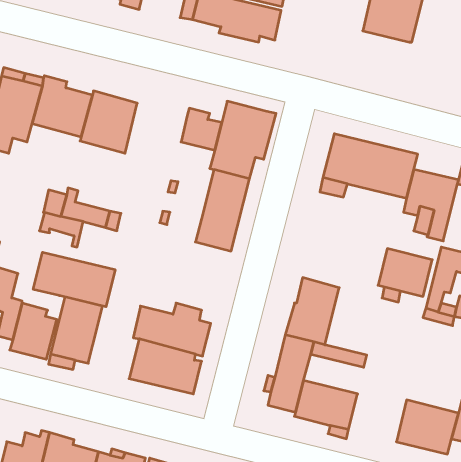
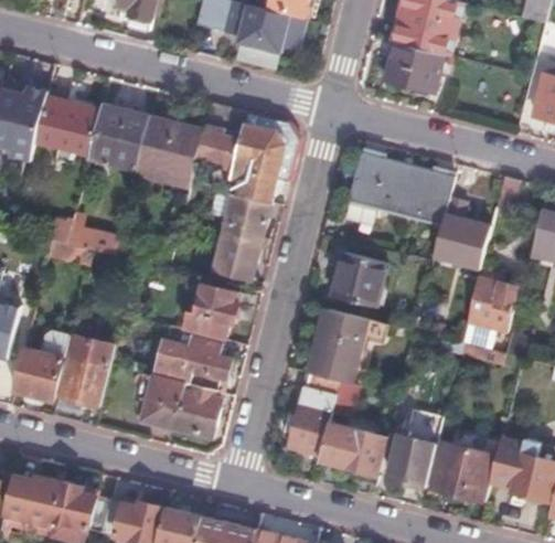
building: none -> [384,43,444,93]
building: none -> [136,121,203,189]
building: [378,249,432,296] -> [339,255,397,307]
building: [33,252,115,307] -> none
building: none -> [183,285,238,340]
building: none -> [389,409,442,487]

